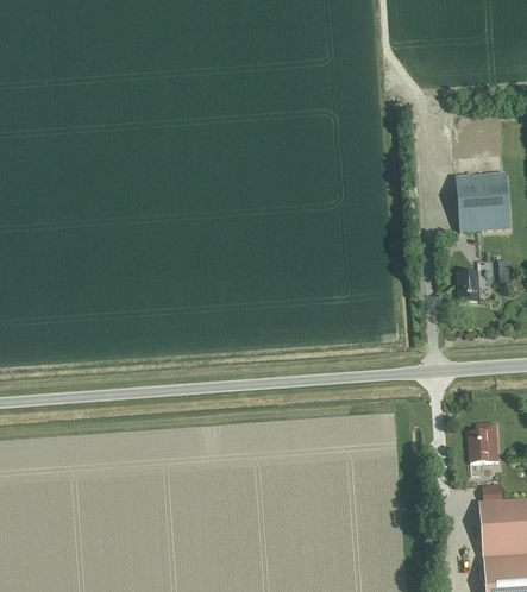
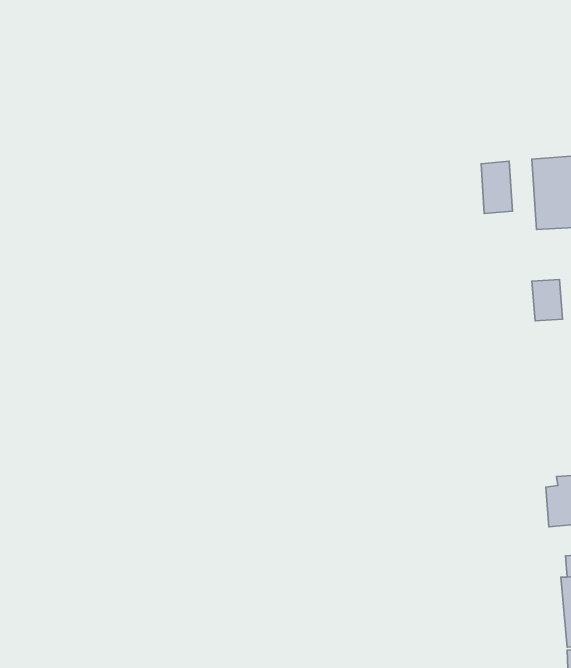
building: none -> [481,161,513,214]

